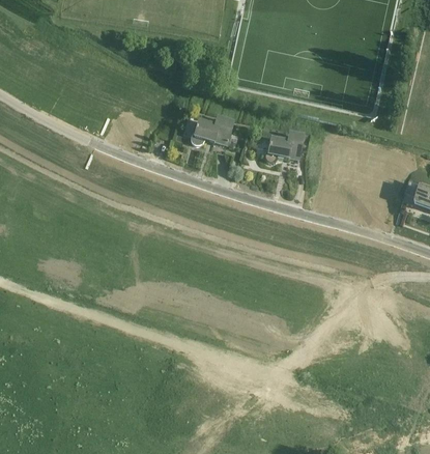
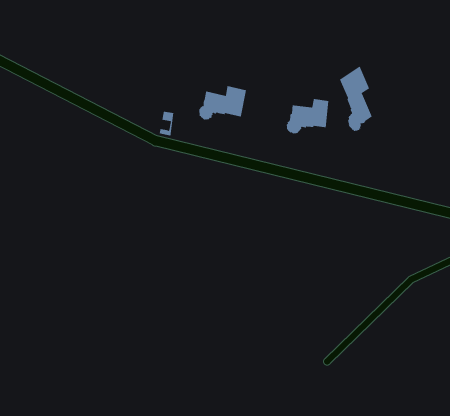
building: none -> [339,66,372,132]

